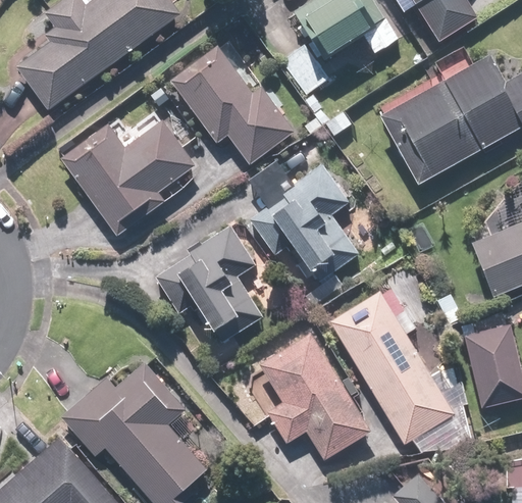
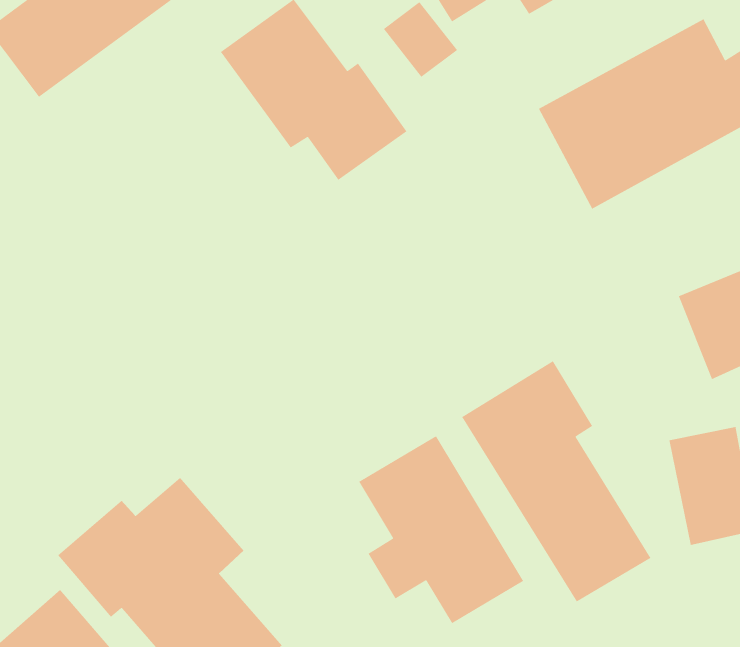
building: [63,121,194,235] -> none
building: [248,164,359,287] -> none
building: [155,223,263,346] -> none

